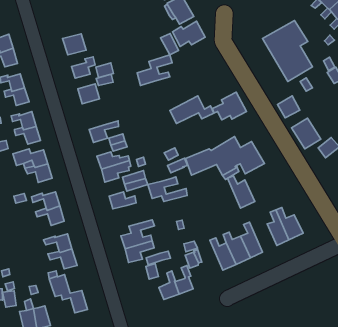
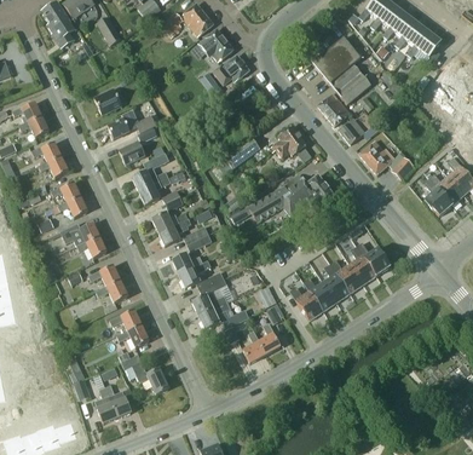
building: [137,55,172,86] -> [132,152,168,191]
building: none -> [317,93,350,126]
building: [227,176,255,208] -> [329,260,363,294]
building: [148,177,187,202] -> [178,260,223,289]

